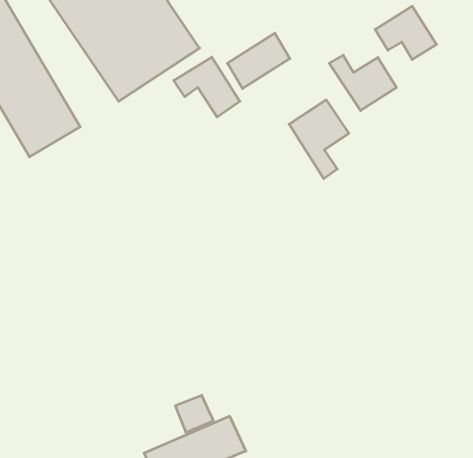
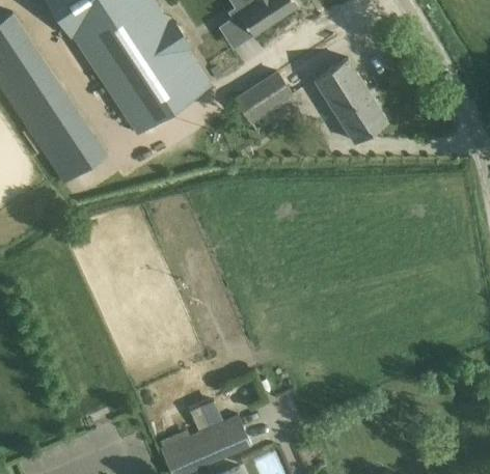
building: [375,6,437,60] -> [315,60,370,108]
building: [174,57,240,117] -> none
building: [289,100,349,179] -> none

